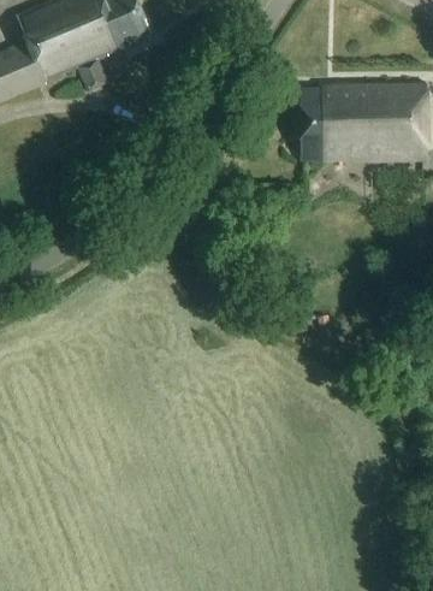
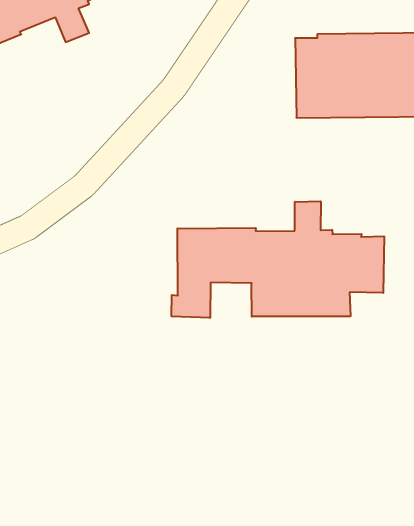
building: none -> [172,201,384,318]

